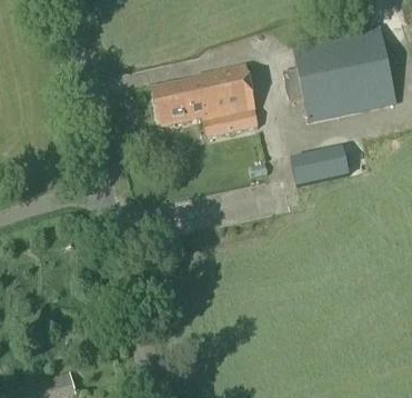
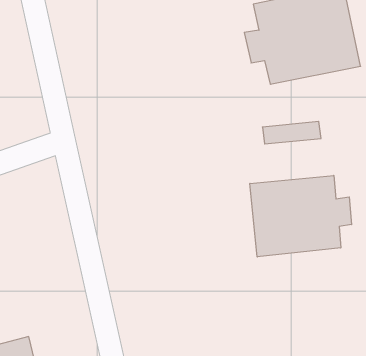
building: [151,63,258,135] -> none
building: none -> [250,175,352,257]

